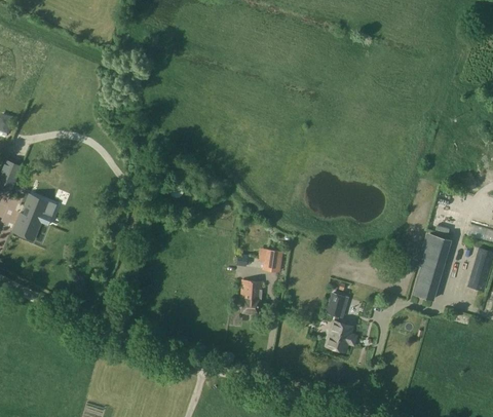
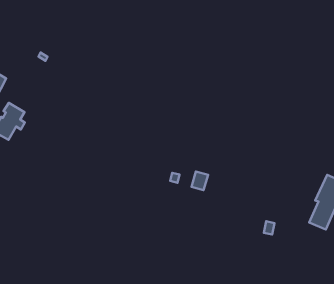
building: [241,280,262,313] -> none
building: [327,293,352,350] -> none

